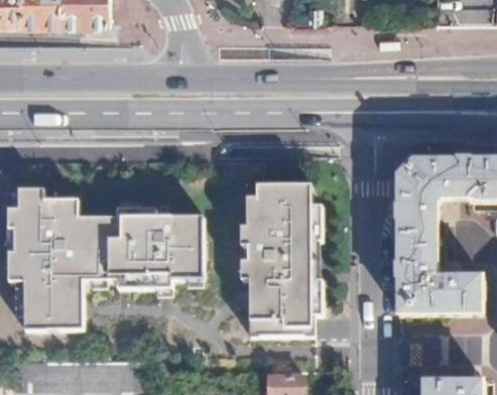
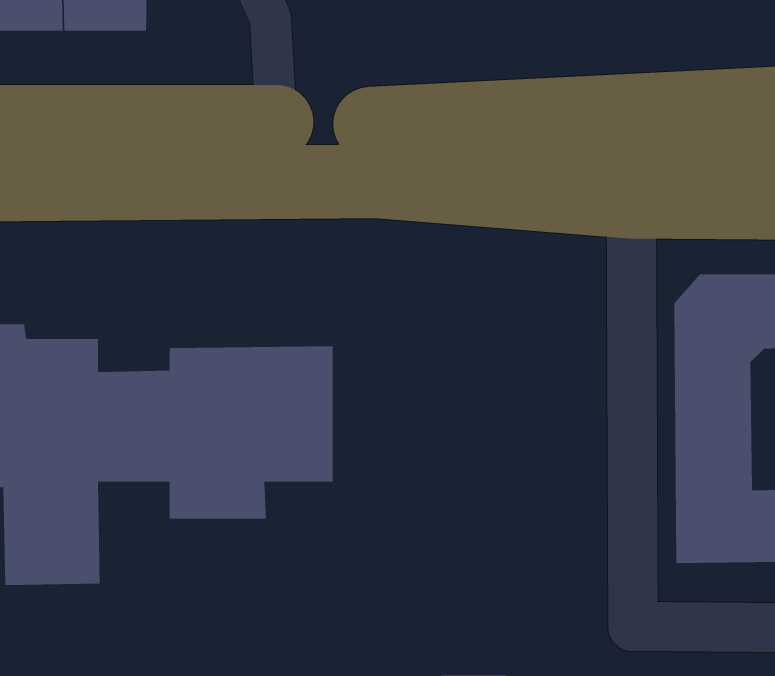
building: [246,183,329,340] -> none

